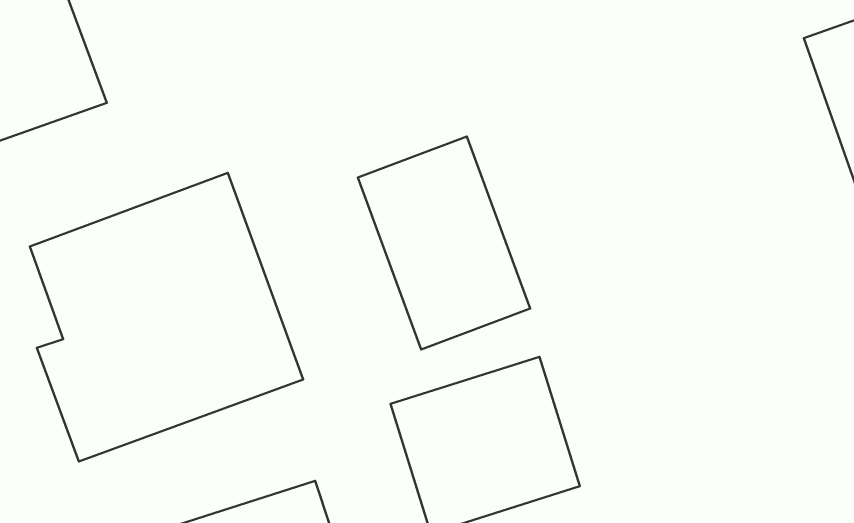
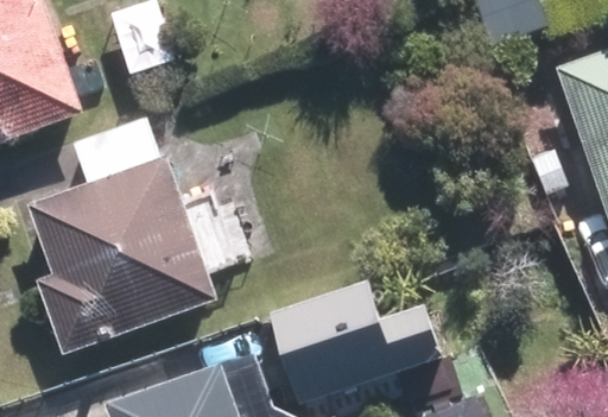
building: [358,136,530,350] -> none

